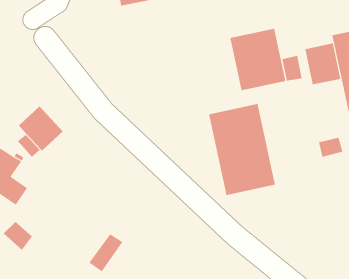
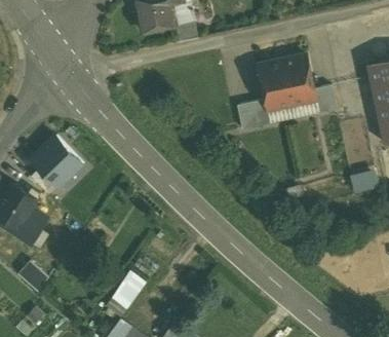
building: [304,43,341,85] -> none
building: none -> [236,99,270,128]
building: [208,103,275,196] -> none

